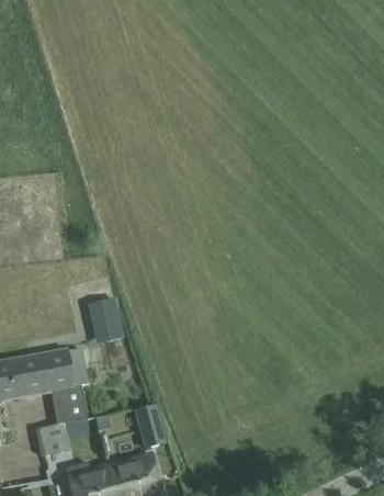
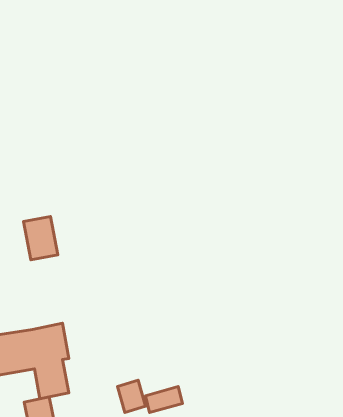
building: [88,296,124,342] -> [24,216,58,260]
building: none -> [145,386,182,413]

